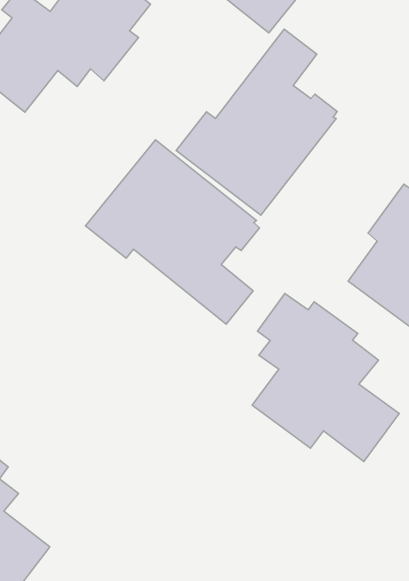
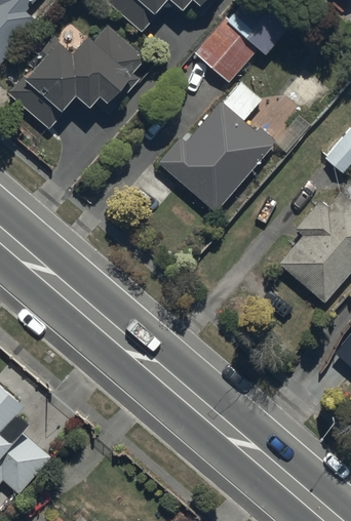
building: [85,140,259,324] -> none
building: [252,294,399,461] -> none

